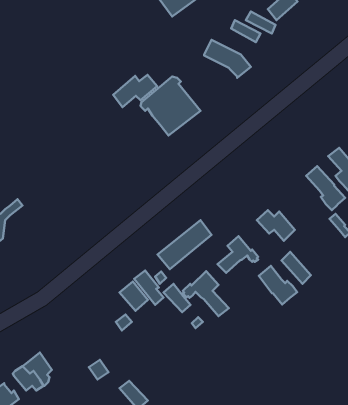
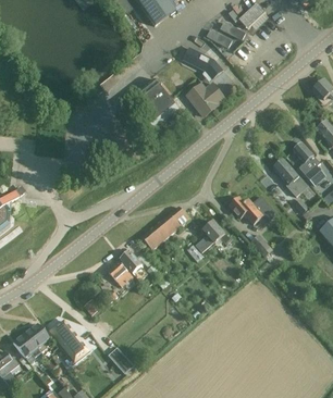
building: [113,75,157,107] -> none
building: none -> [188,83,224,115]
building: [259,266,297,305] -> none
building: [183,271,229,316] -> none
building: none -> [49,320,86,361]

